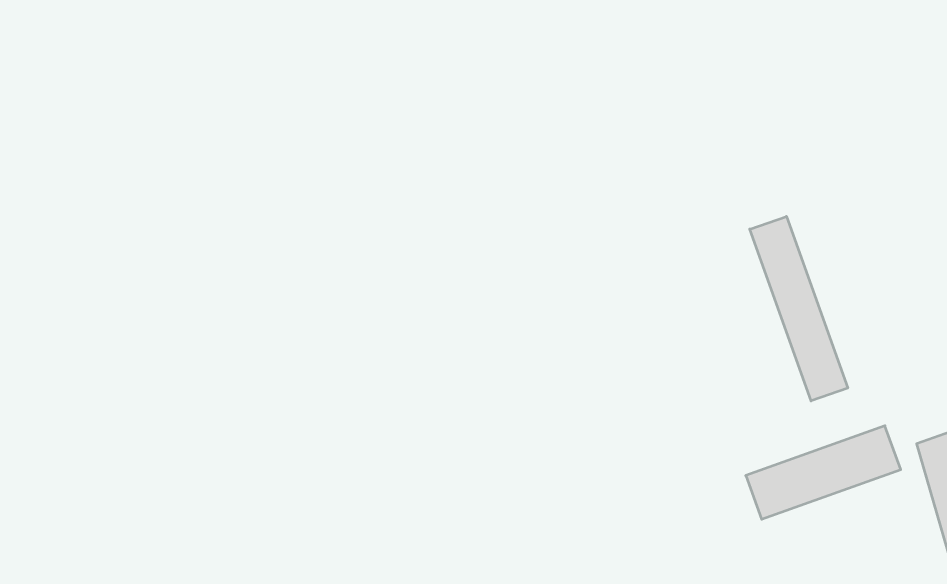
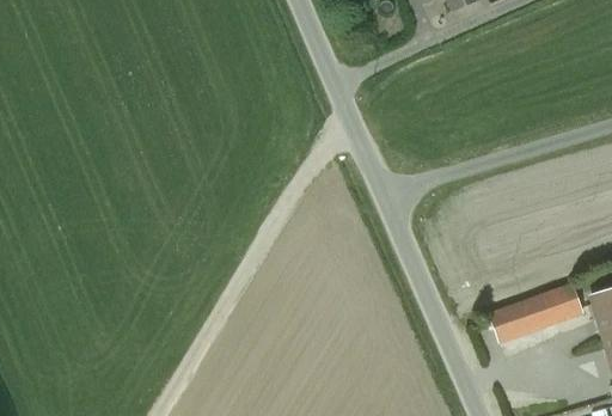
building: [750,216,848,401] -> none

